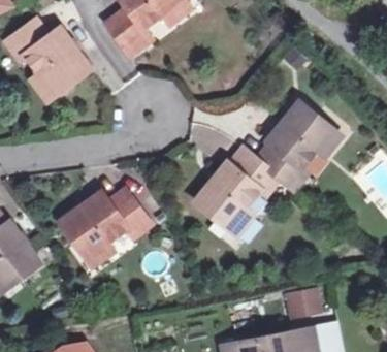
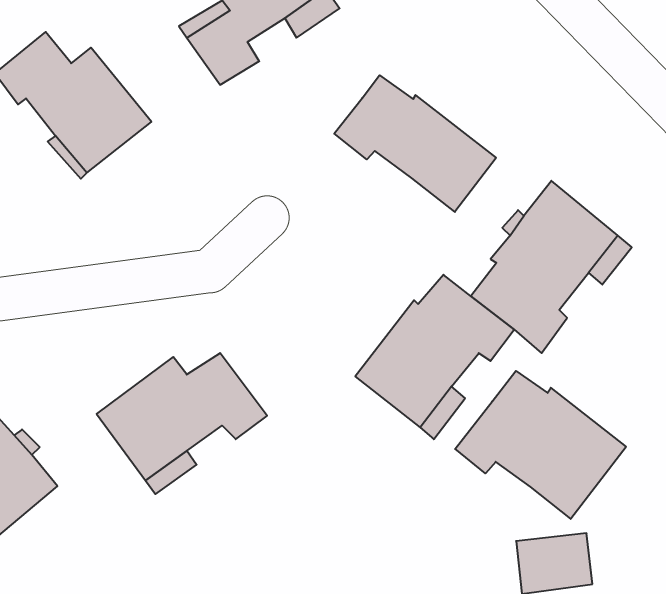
building: none -> [334,75,496,212]
building: none -> [455,371,626,519]

